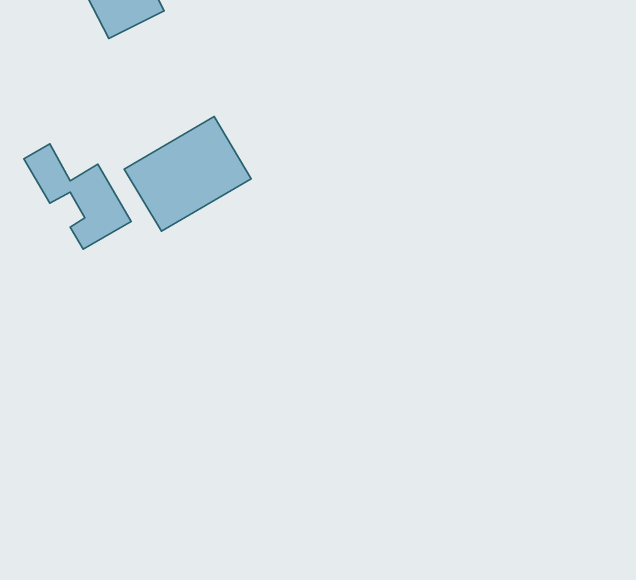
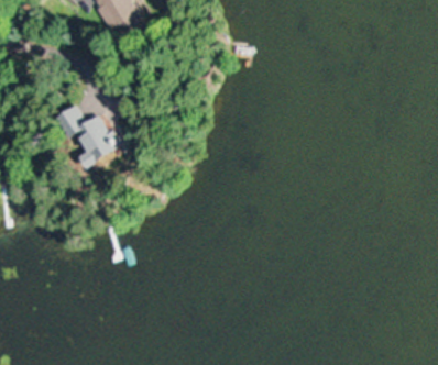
building: [124,117,251,231] -> none

